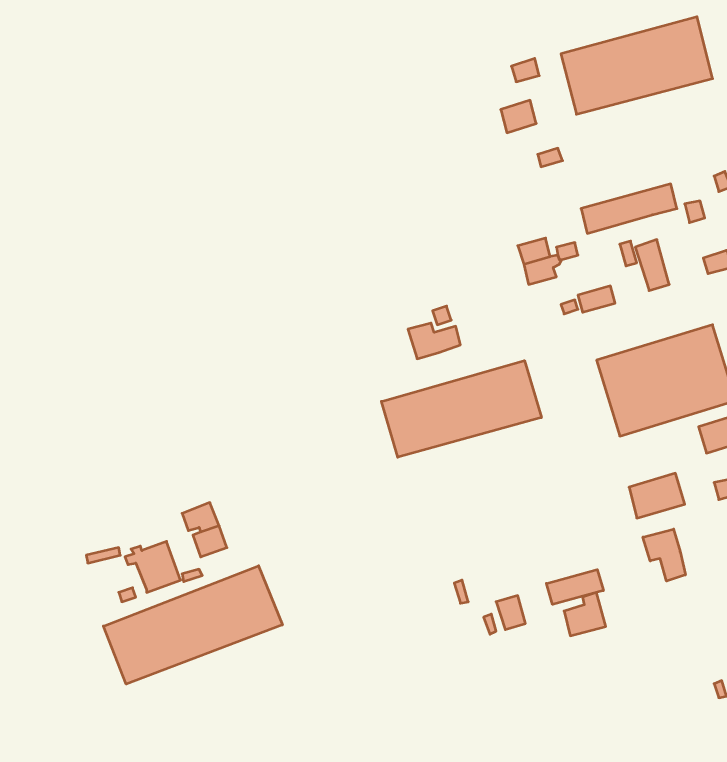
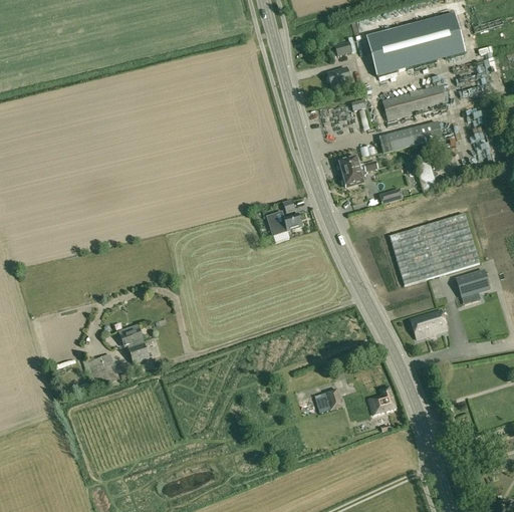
building: none -> [382,83,446,119]
building: [381,361,541,457] -> none
building: [643,529,685,581] -> none
building: [103,566,282,684] -> none
building: [546,570,603,604] -> none

